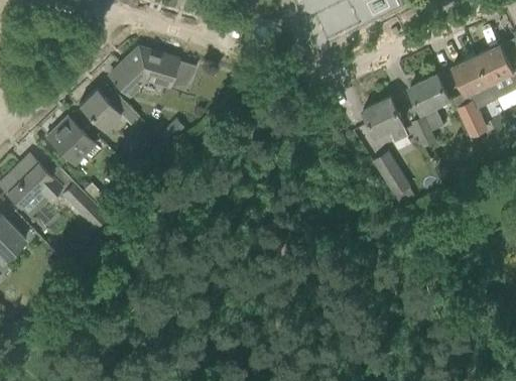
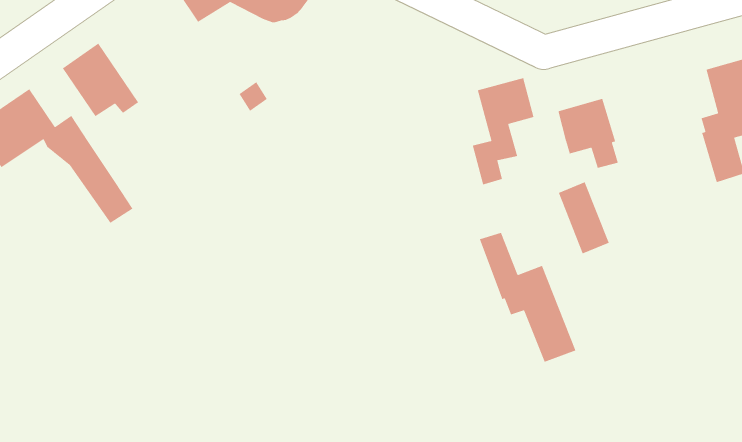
building: [409,75,448,147] -> [472,77,534,185]
building: [78,89,137,131] -> none
building: none -> [479,232,577,363]

